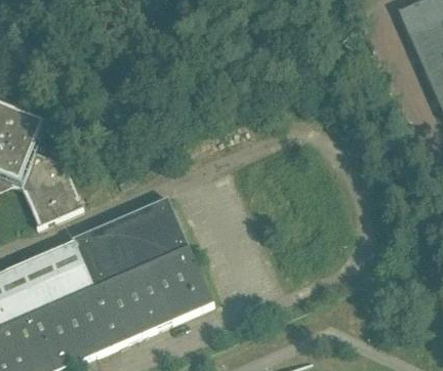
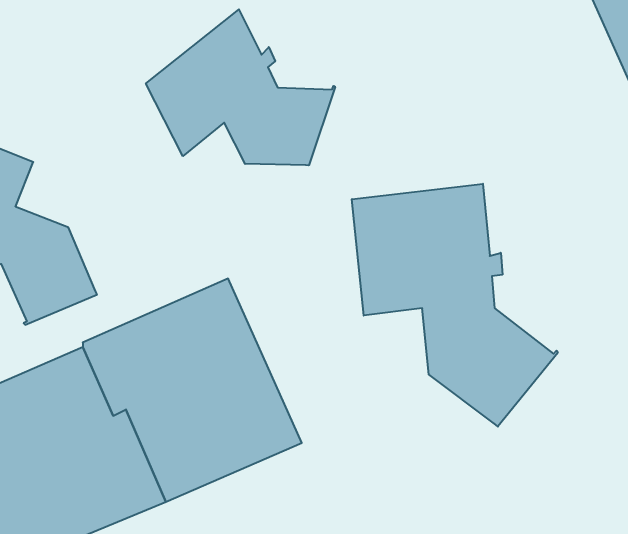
building: none -> [146,9,335,165]
building: none -> [352,184,558,427]

